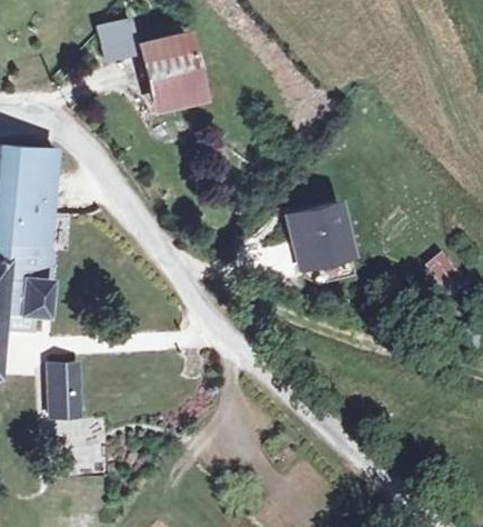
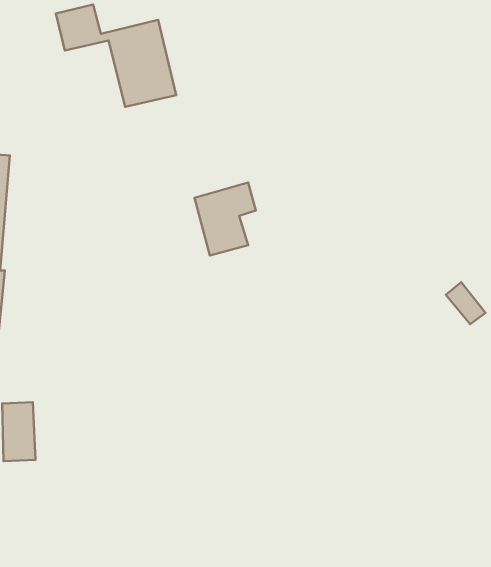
building: [291,206,344,269] -> [194,182,256,255]

